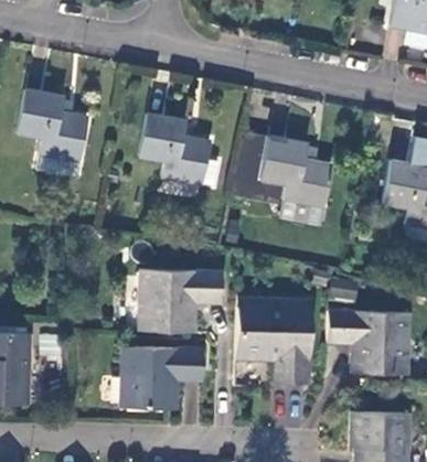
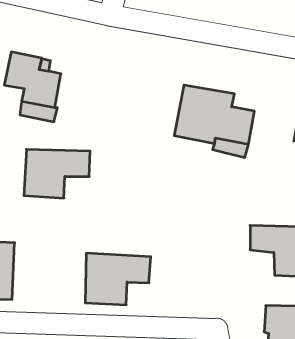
building: [139,114,213,184] -> none
building: [138,270,222,332] -> [24,149,90,198]
building: [235,294,316,382] -> none

